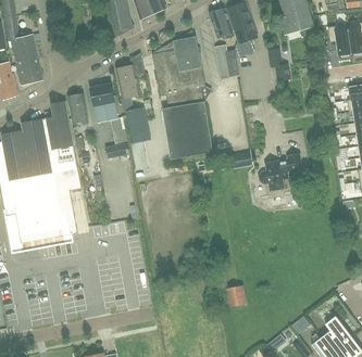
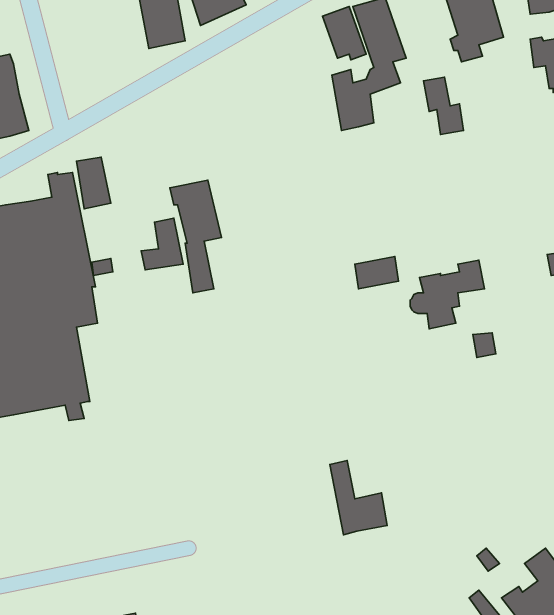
building: [153,30,213,160] -> none
building: [116,53,145,98] -> none
building: [91,84,118,122] -> none

